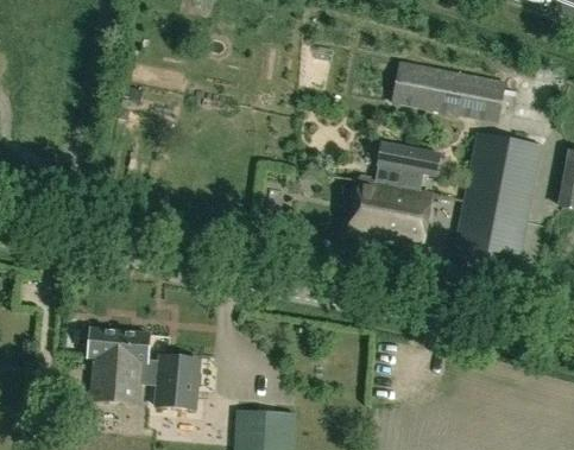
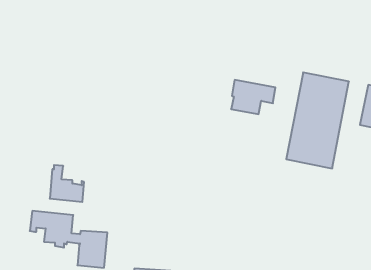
building: [392,62,505,122] -> none
building: [349,180,431,246] -> none
building: [92,351,140,404] -> [50,165,84,202]

